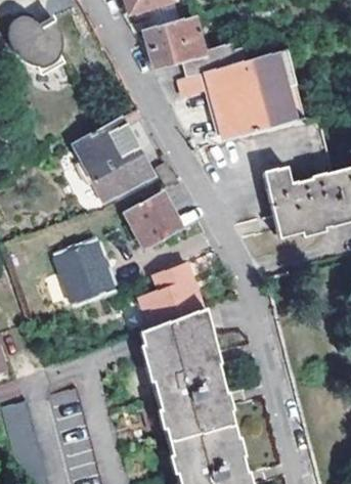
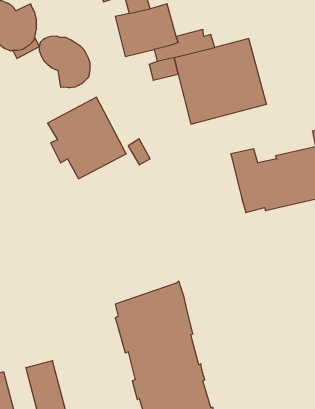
building: none -> [40,36,90,88]
building: [122,187,186,249] -> none
building: [53,241,112,304] -> none
building: [130,261,205,328] -> none

